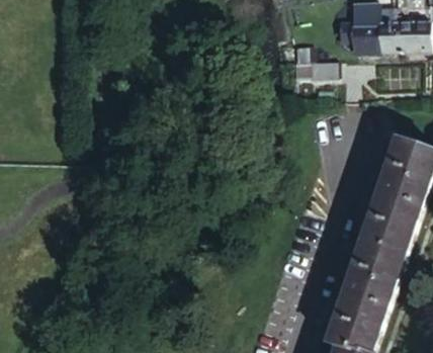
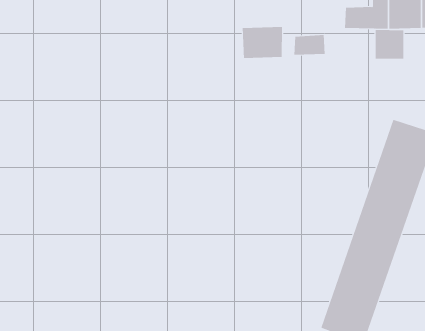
building: none -> [242,26,282,59]
building: none -> [375,29,404,60]

